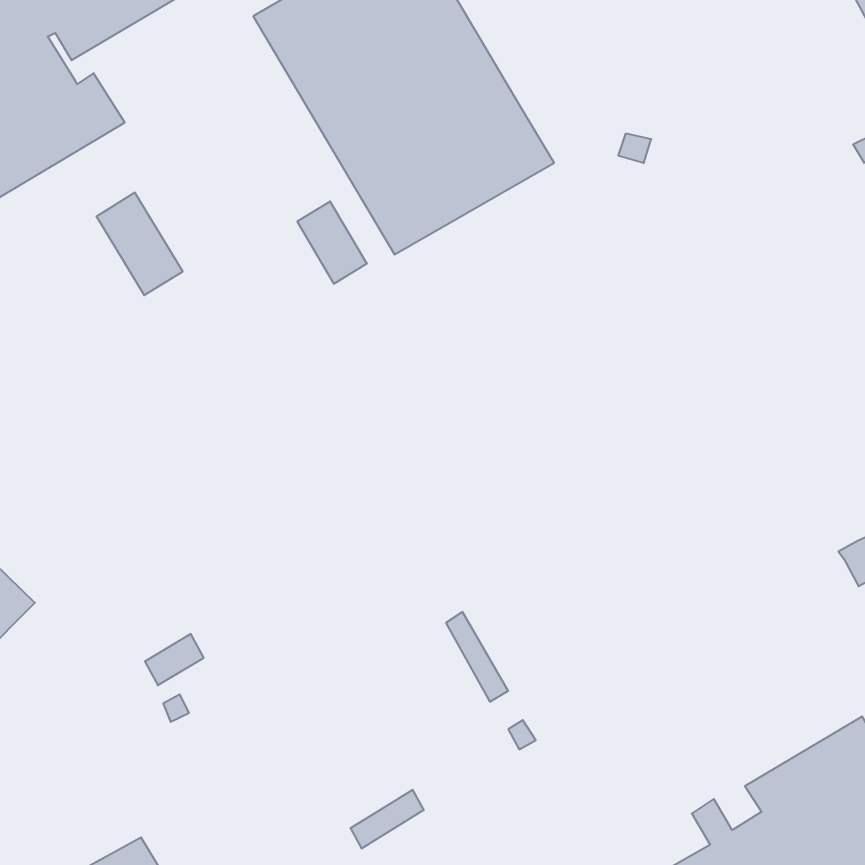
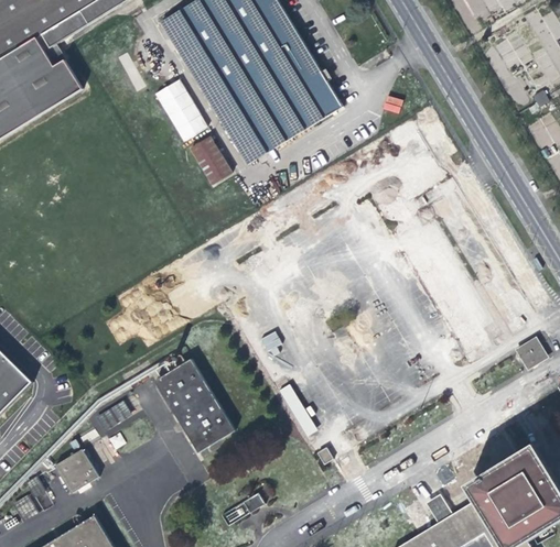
building: [96,193,183,295] -> [153,78,205,140]
building: none -> [161,359,243,455]
building: none -> [57,450,100,494]

